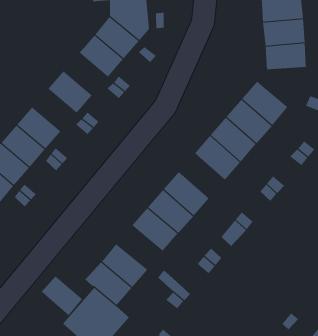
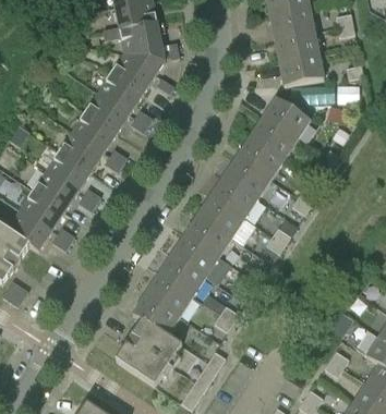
building: none -> [85,92,130,132]
building: none -> [59,131,104,171]
building: none -> [210,175,257,218]
building: none -> [158,254,205,295]
building: [41,275,83,316] -> none

